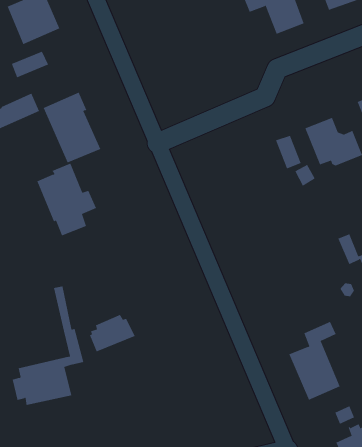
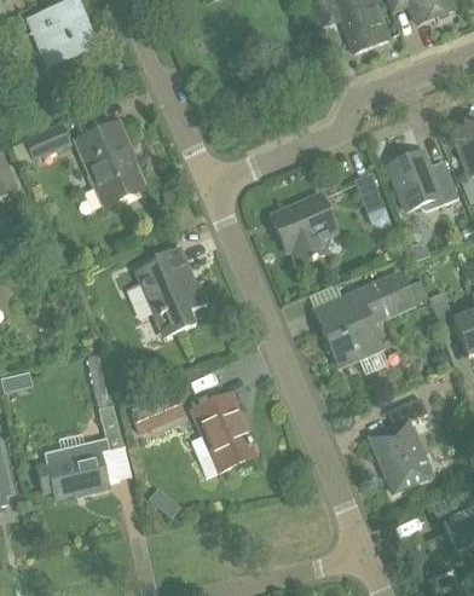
building: [11,51,49,78] -> none
building: none -> [271,192,337,264]
building: [36,163,97,236] -> [135,248,208,336]
building: none -> [314,272,428,365]
building: none -> [193,393,255,470]

